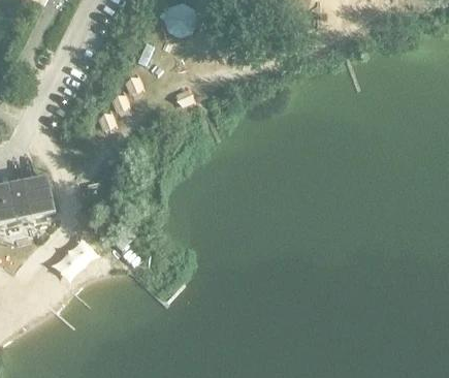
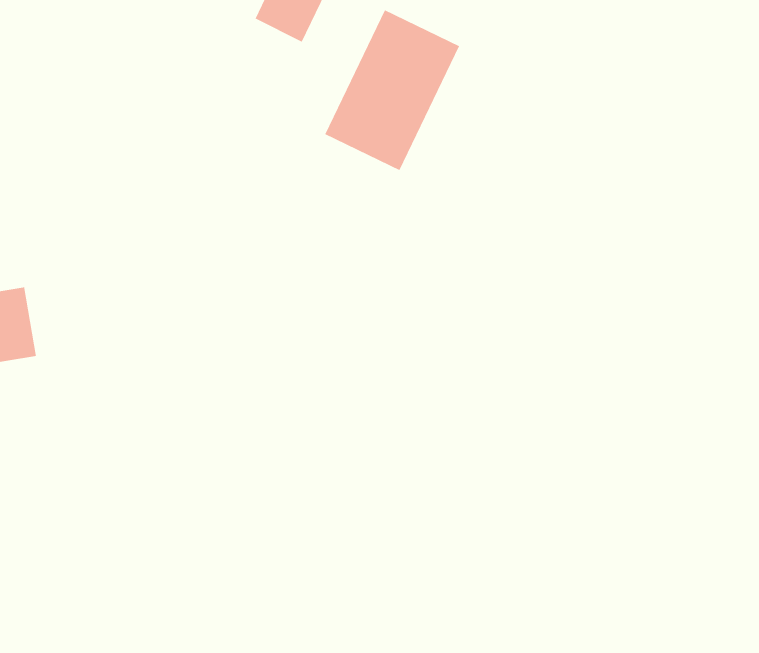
building: none -> [324,9,460,171]

